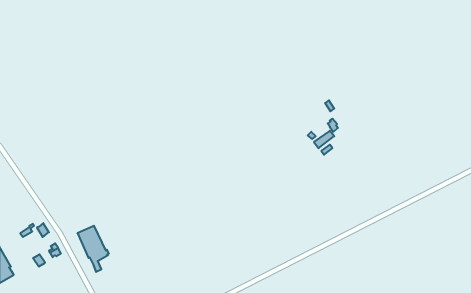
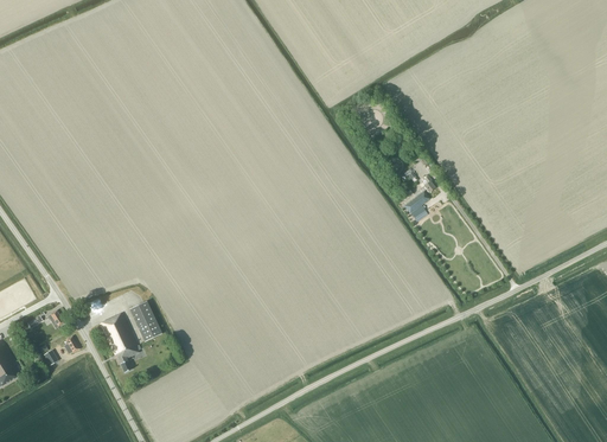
building: none -> [129,301,161,342]

